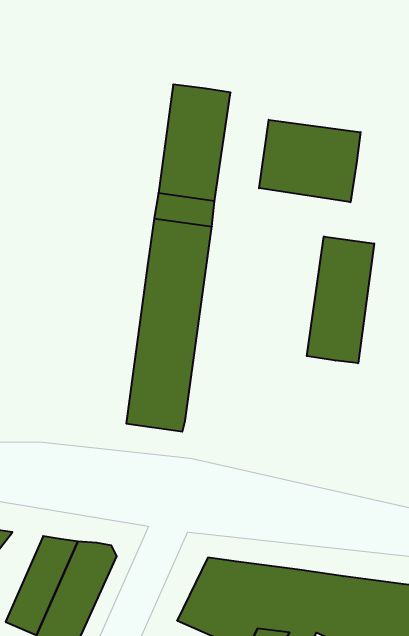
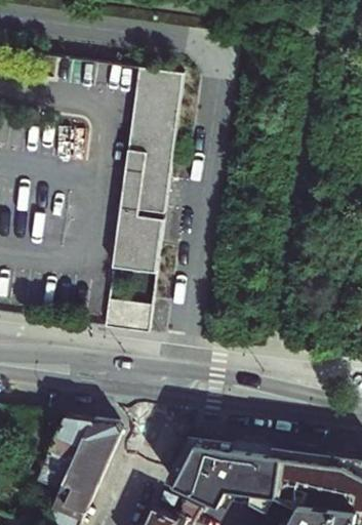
building: [259,120,361,202] -> none
building: [307,236,374,363] -> none

